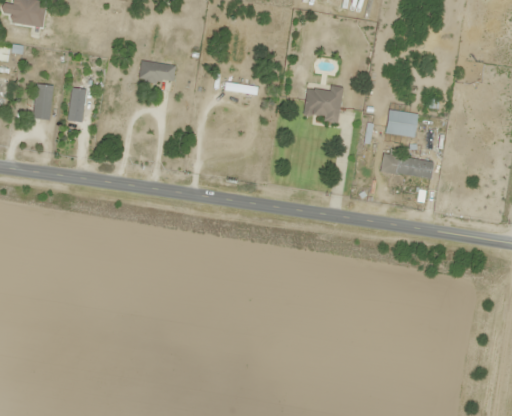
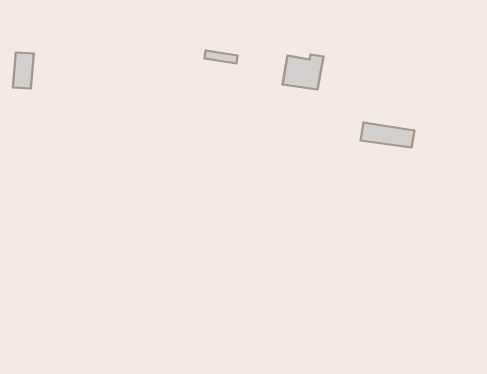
building: [139,61,175,82] -> none
building: [69,88,86,122] -> none
building: [386,110,418,137] -> none

